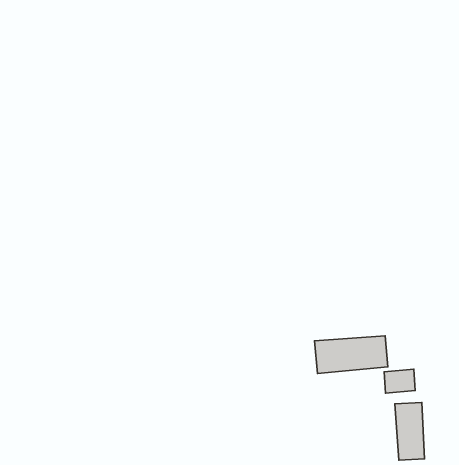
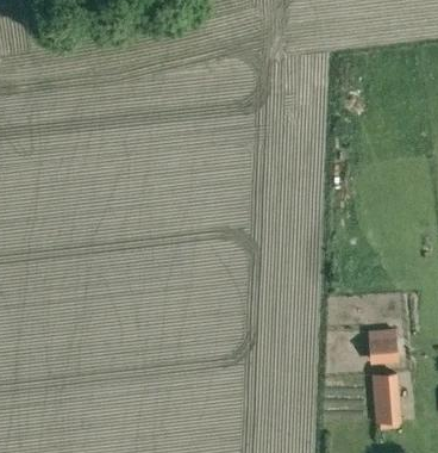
building: [315,336,388,374] -> none

